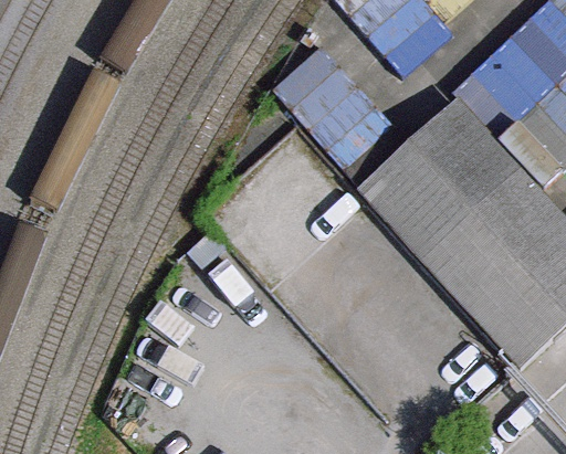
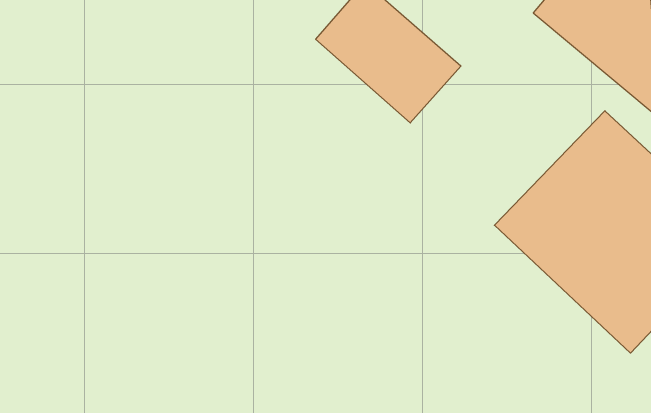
building: [357,101,516,254] -> none

